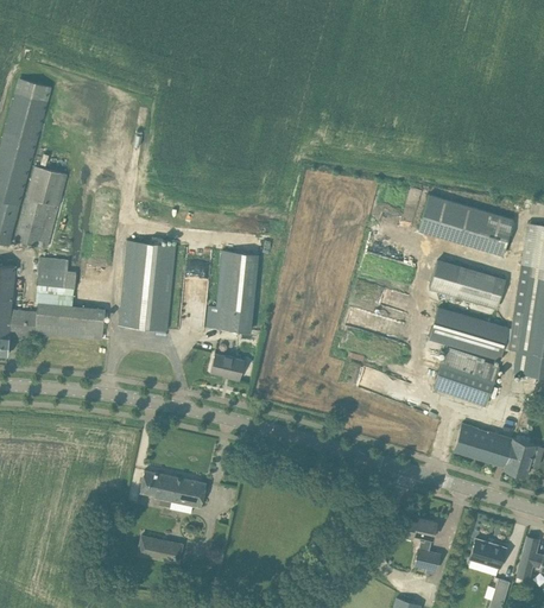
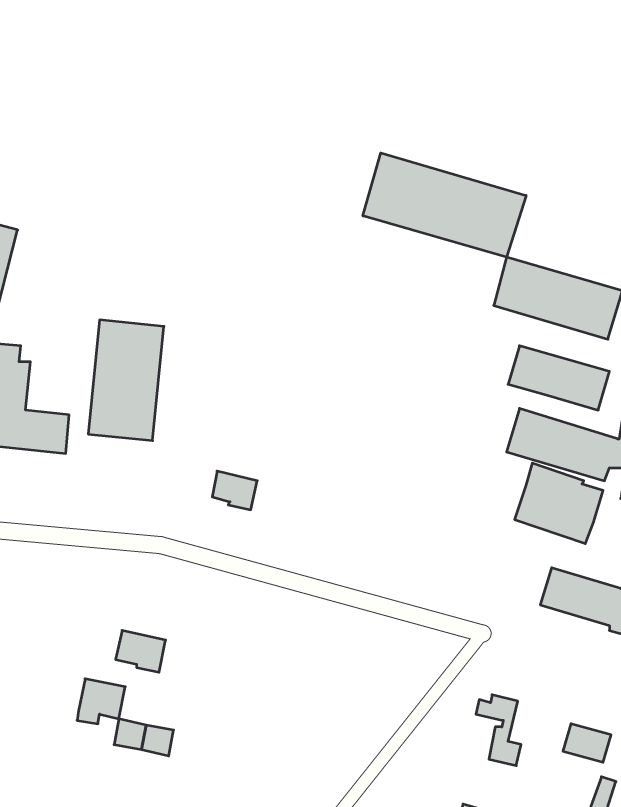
building: none -> [363,153,526,257]
building: [204,251,257,332] -> none
building: [170,477,205,511] -> [77,679,125,724]

